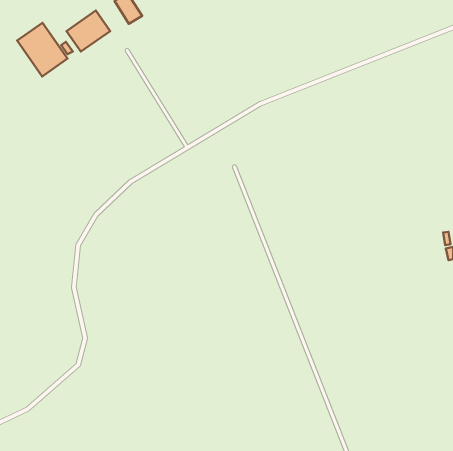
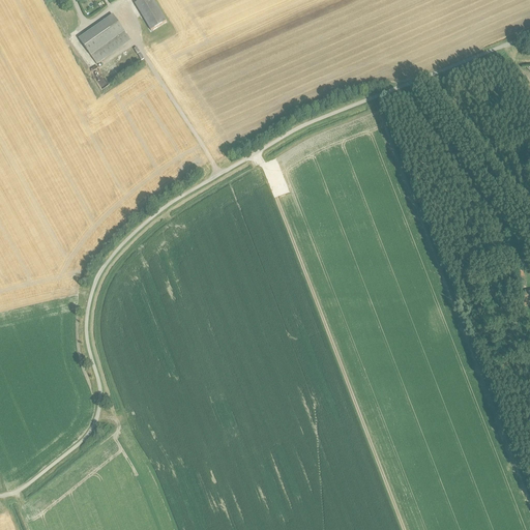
building: [17,23,68,76] -> none

